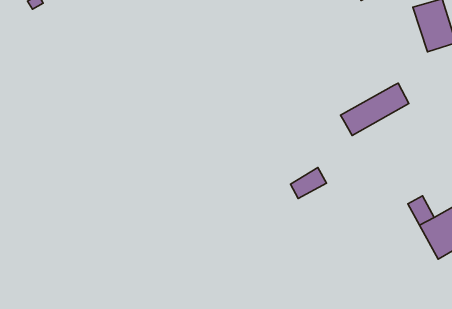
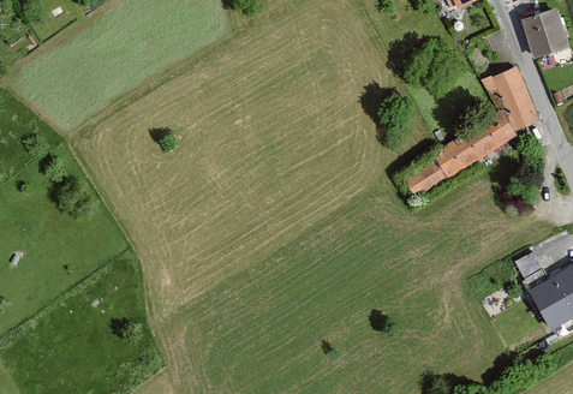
building: none -> [483,67,542,136]
building: [290,167,326,199] -> [402,156,447,195]

